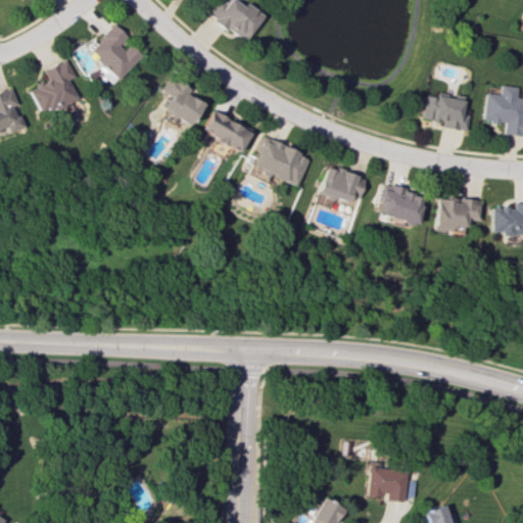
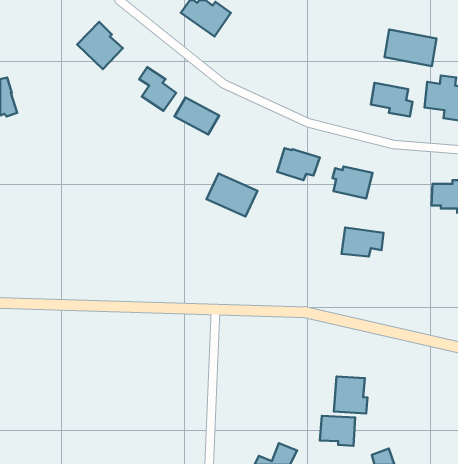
building: none -> [385,29,437,66]
building: [33,60,82,114] -> none
building: [253,138,311,186] -> [207,174,257,216]
building: [436,196,483,229] -> [342,227,383,256]
building: none -> [334,376,367,414]

